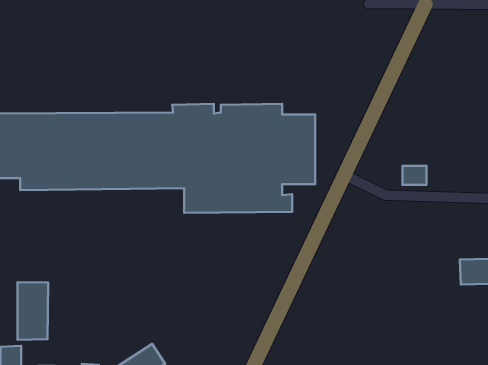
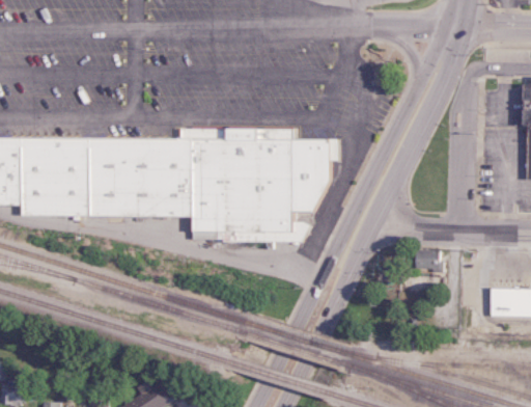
building: [403,166,426,185] -> [417,249,442,269]
building: [18,282,48,340] -> none

